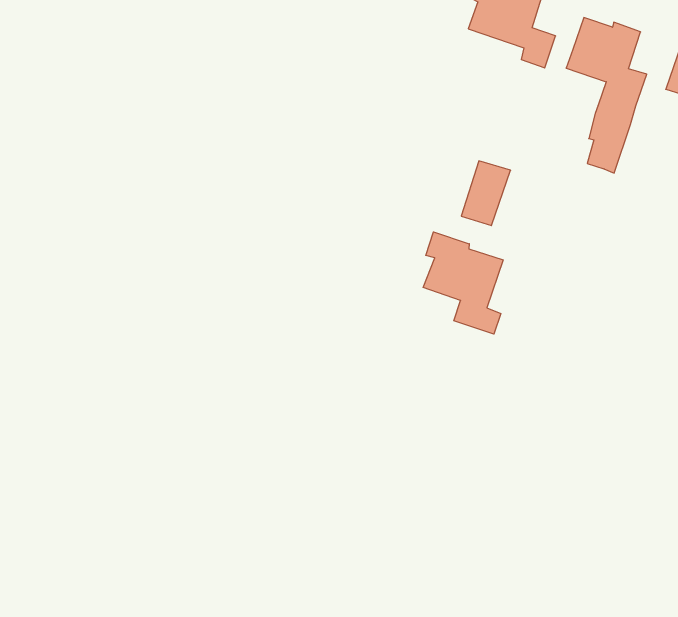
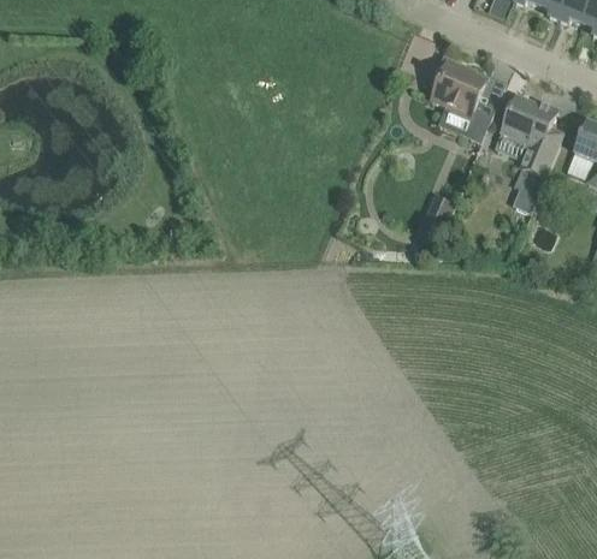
building: [423,232,503,334] -> none

